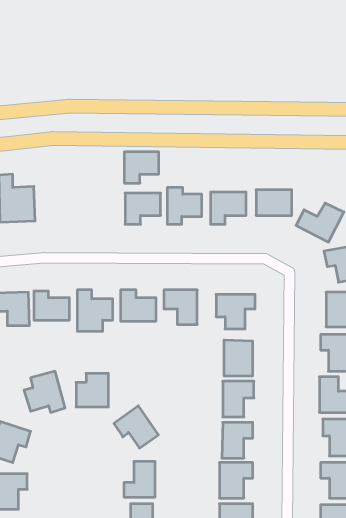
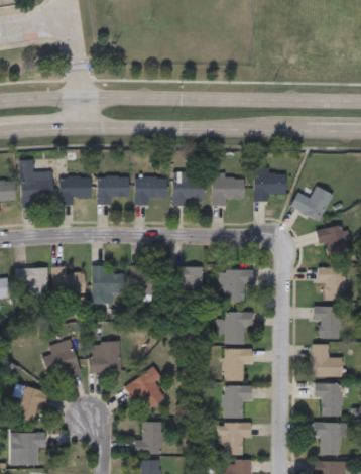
building: [124,152,159,183] -> [97,176,128,205]
building: none -> [58,177,90,204]

